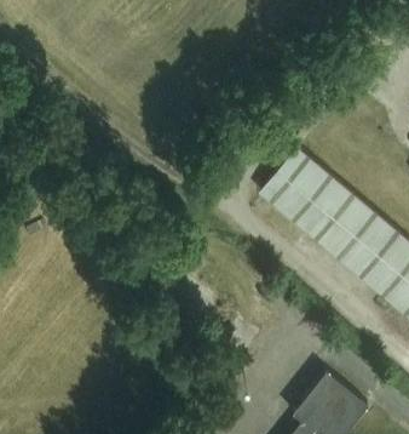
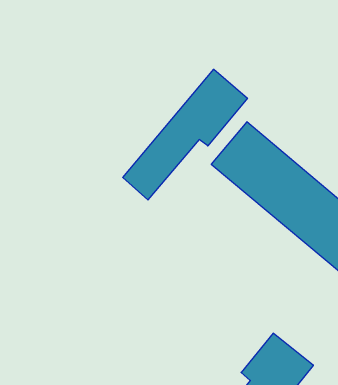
building: none -> [123,69,247,200]

